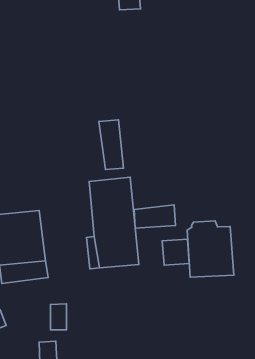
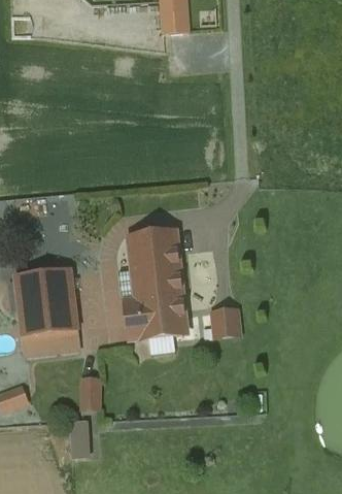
building: [99,120,123,169] -> none
building: [134,205,176,228] -> none
building: [187,221,234,277] -> none

